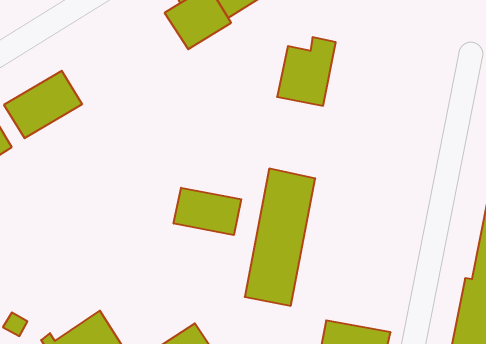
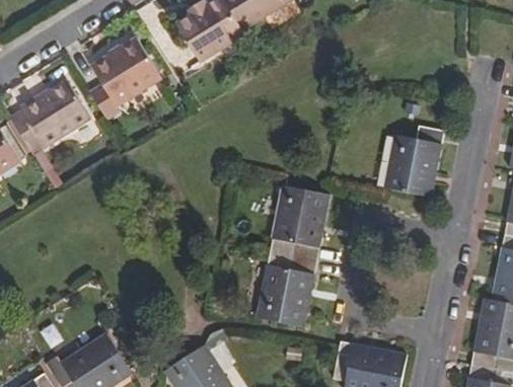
building: none -> [89,40,160,120]
building: [277,37,336,106] -> [384,125,445,196]
building: [174,188,241,235] -> none

